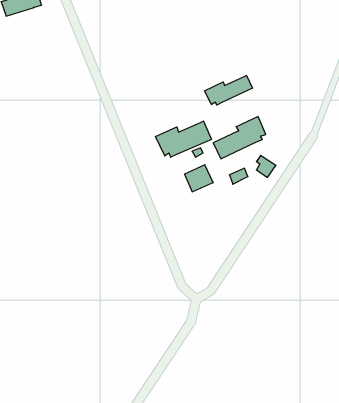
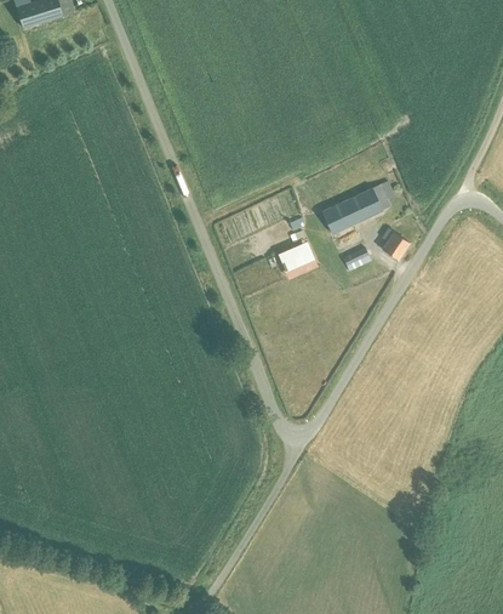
building: [205,75,252,105] -> none
building: [155,121,211,157] -> none

